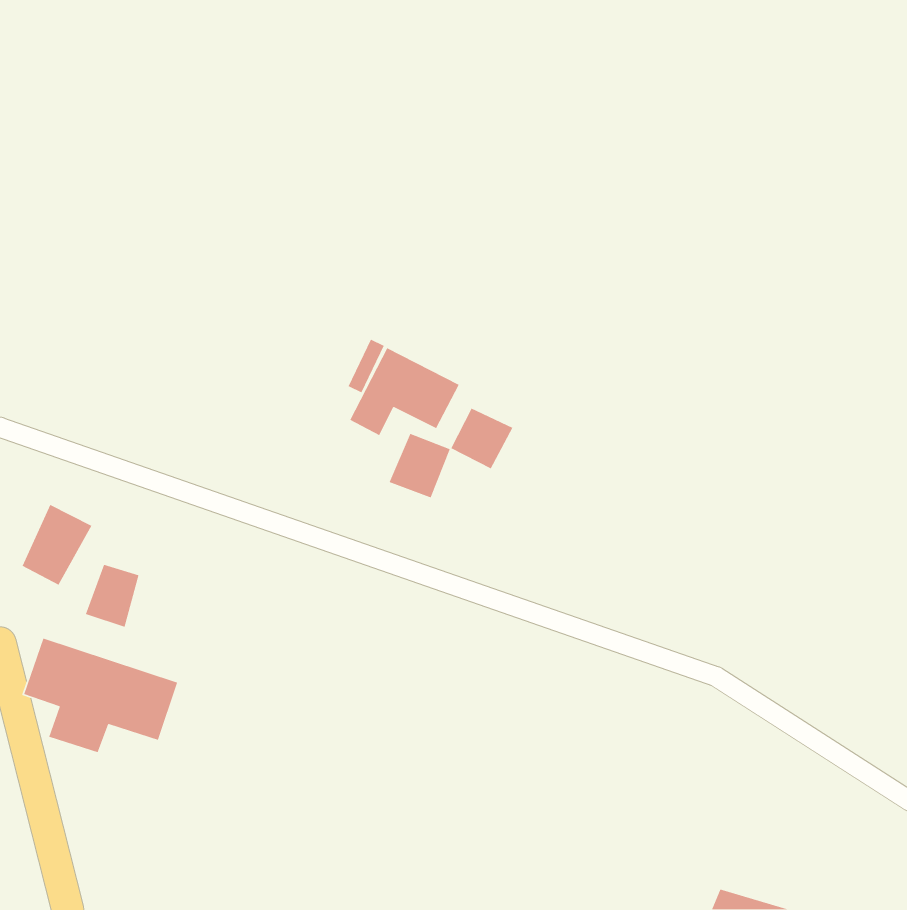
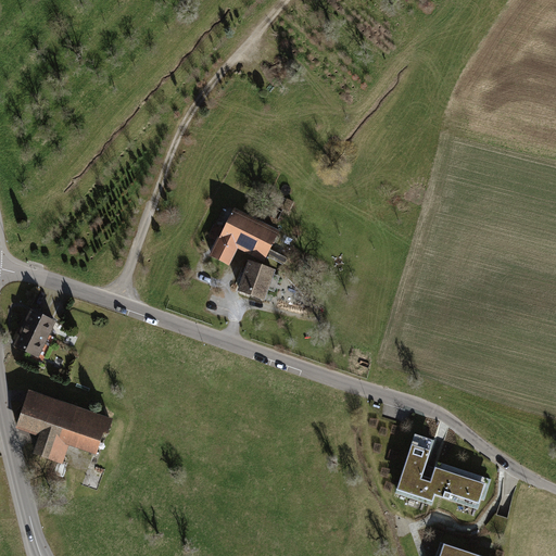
building: [450,408,514,469] -> none
building: [85,564,140,628] -> none
building: none -> [393,433,486,507]

